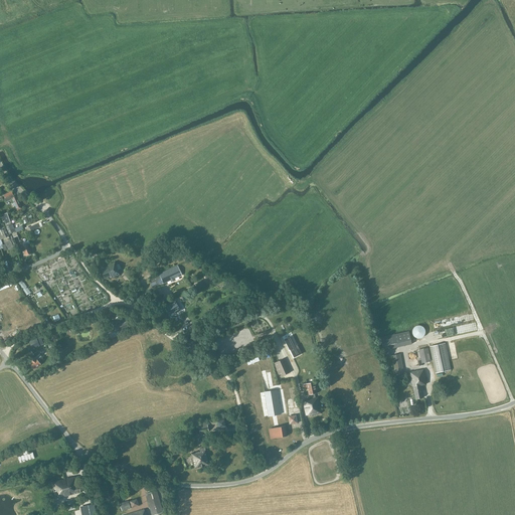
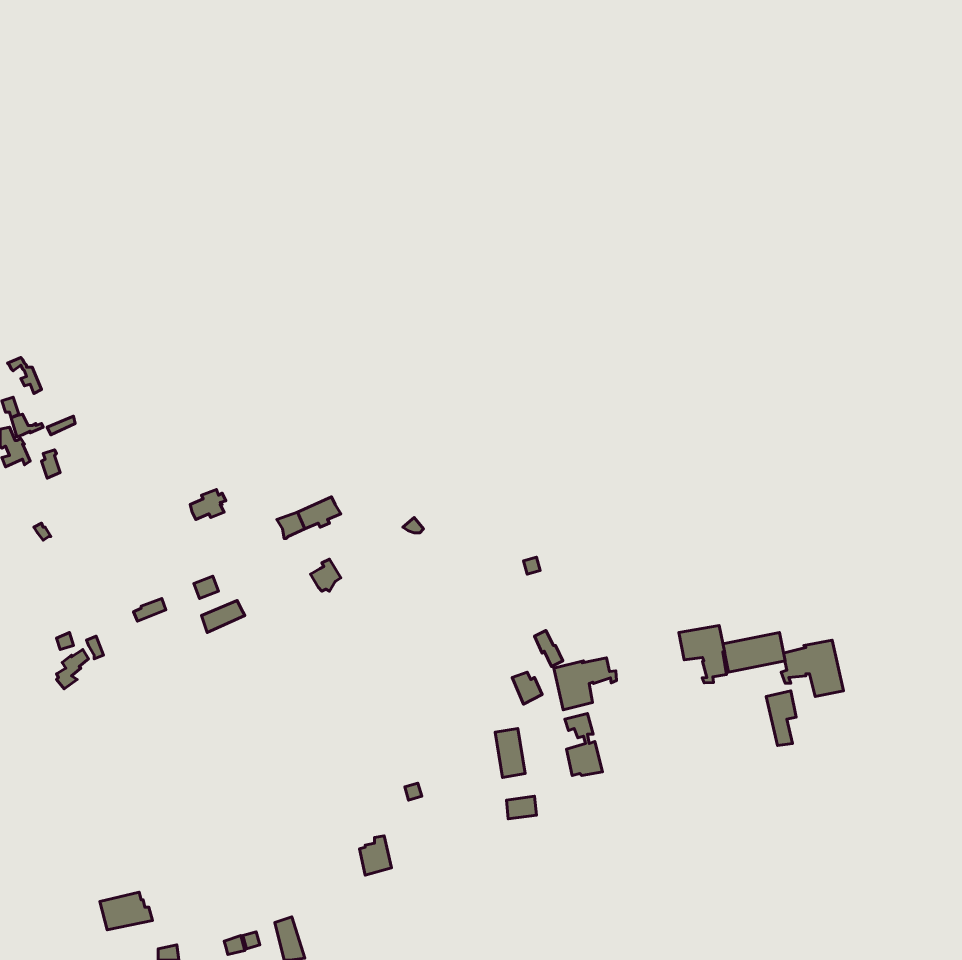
building: none -> [679,625,726,683]
building: none -> [554,658,617,710]

